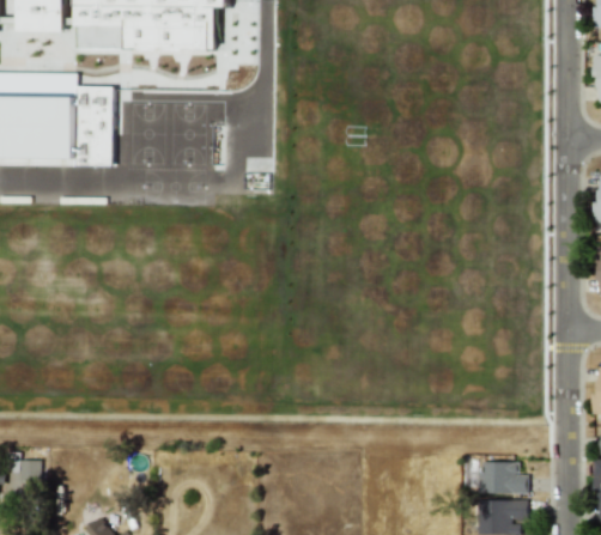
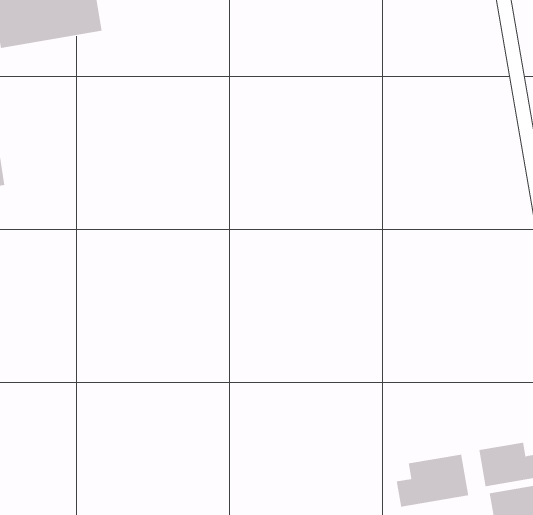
building: none -> [396,454,469,508]

